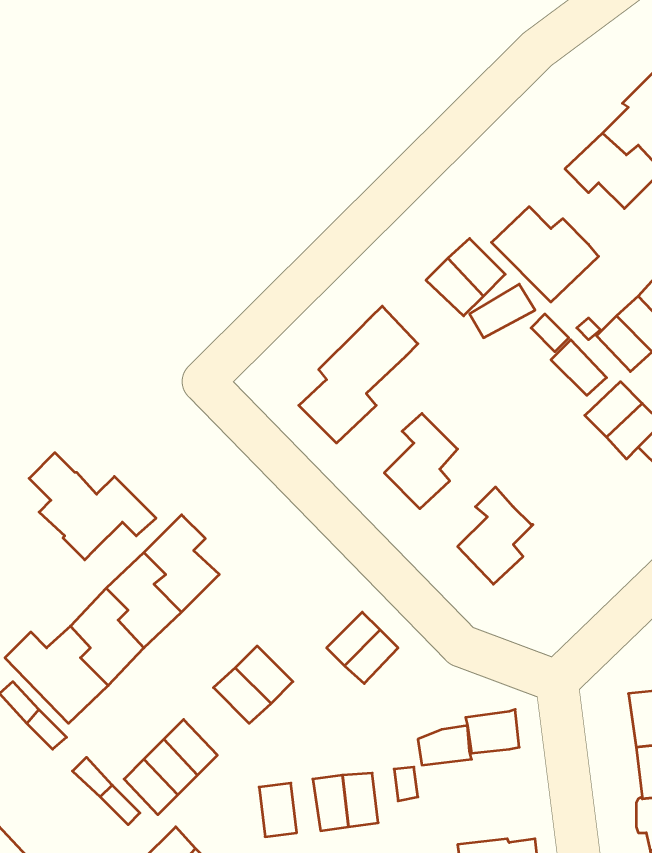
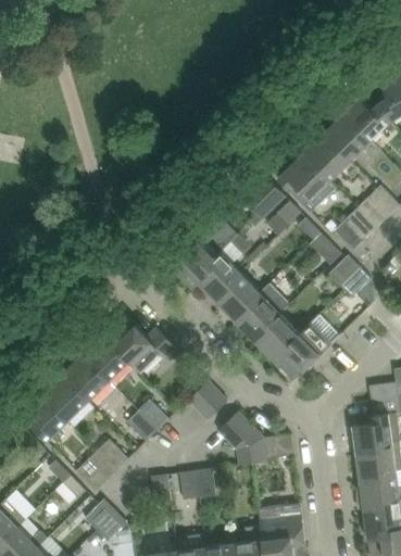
building: none -> [299,139,351,180]
building: none -> [193,241,243,305]
building: none -> [239,283,289,345]
building: [29,453,156,560] -> [110,315,179,374]
building: none -> [279,314,341,381]
building: none -> [218,412,265,451]

